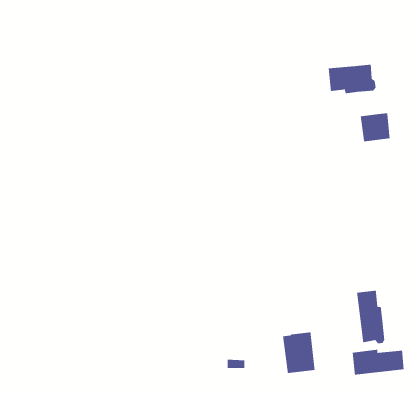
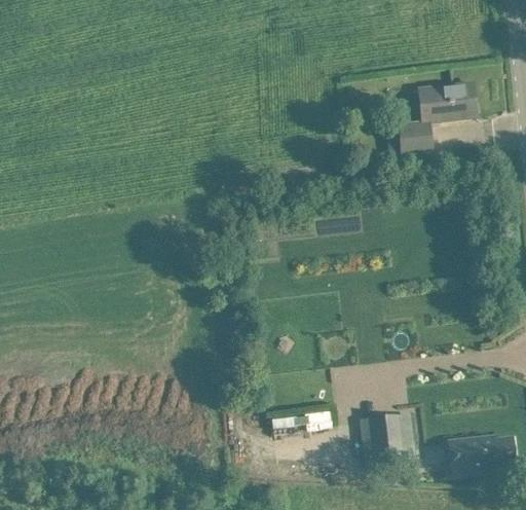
building: [360,112,390,142] -> [397,119,435,156]
building: [356,290,385,344] -> none

